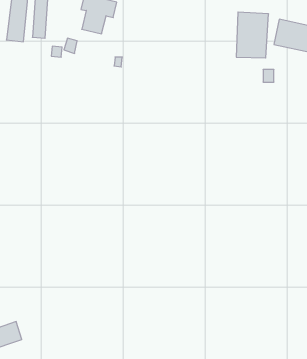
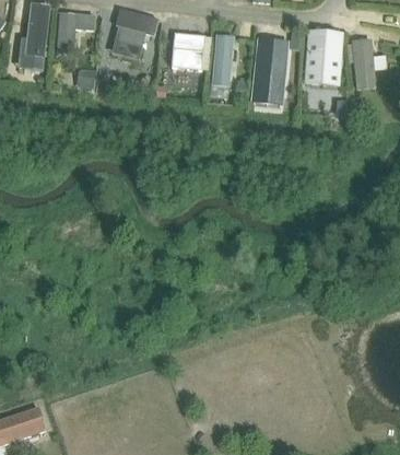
building: none -> [169,33,204,69]
building: none -> [251,36,289,105]
building: none -> [212,39,234,95]

